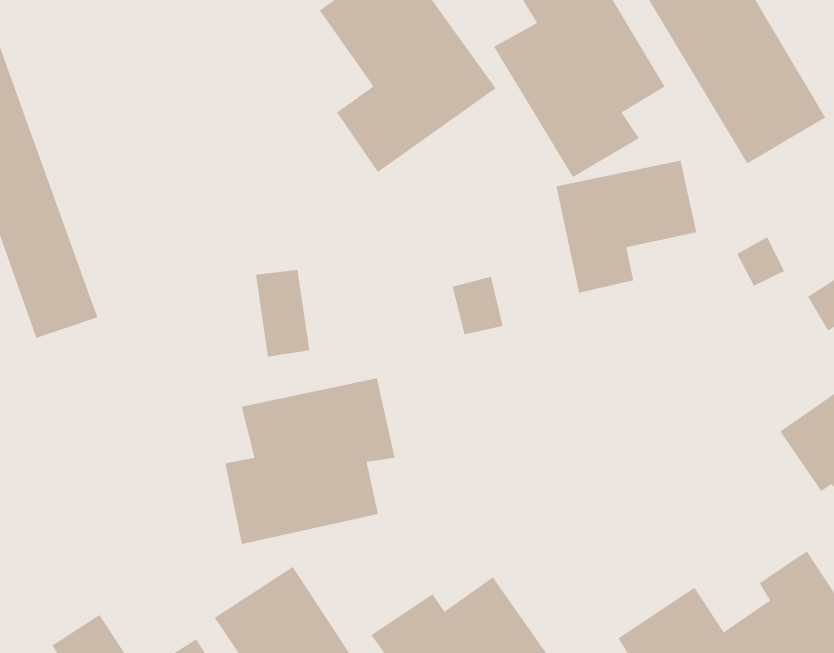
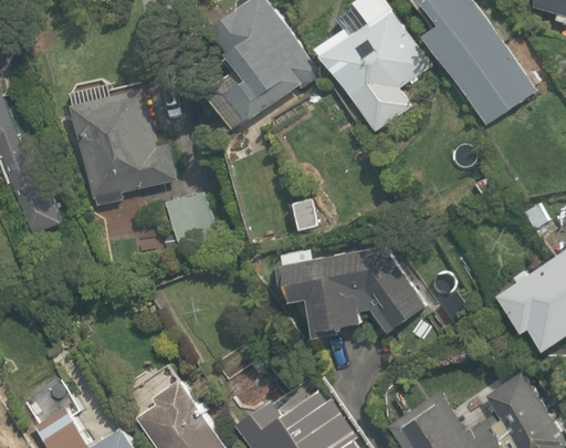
building: none -> [70,76,174,200]
building: [556,160,697,293] -> none
building: none -> [281,247,422,337]
building: [225,377,395,545] -> none

